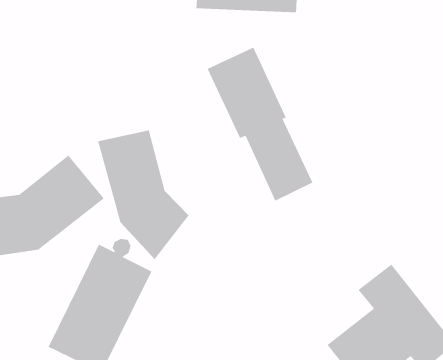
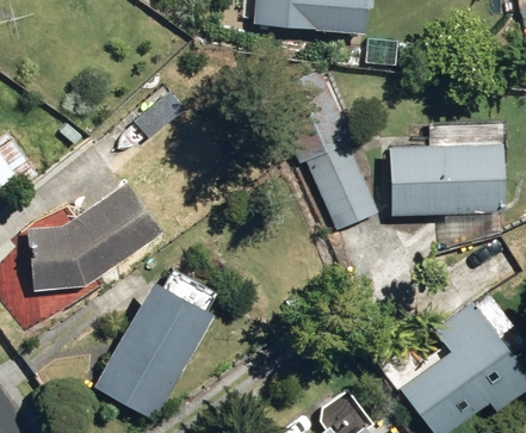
building: none -> [385,143,509,252]
building: [97,129,189,260] -> none

